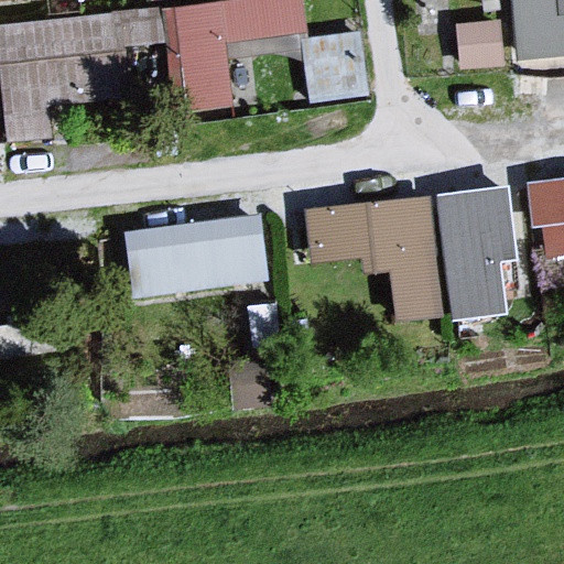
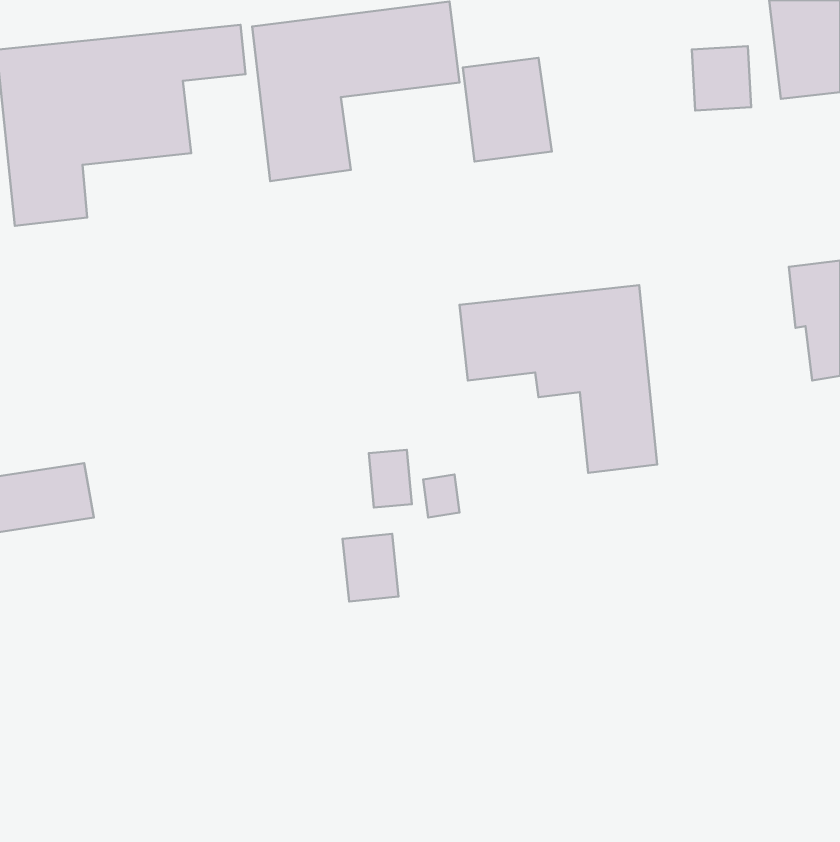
building: [431,176,513,311] -> none
building: [126,212,260,286] -> none

